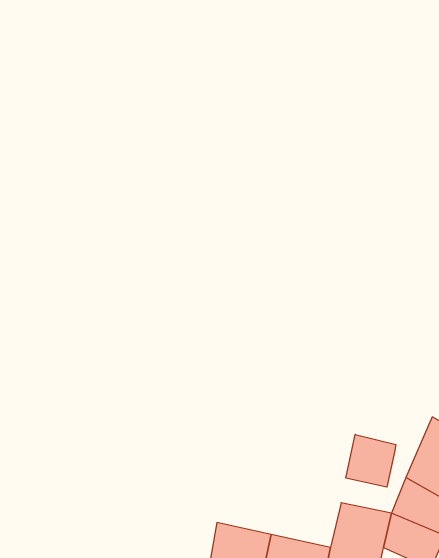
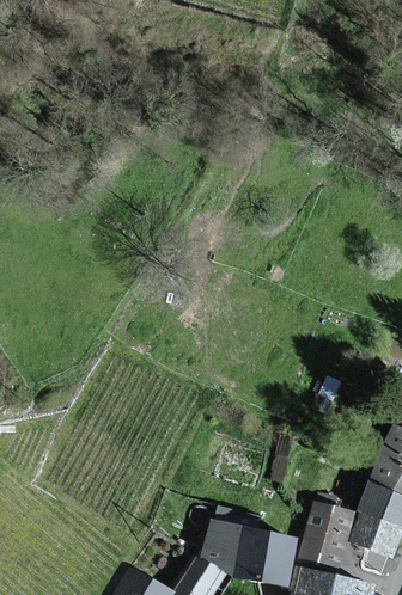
building: [346,434,396,487] -> none

